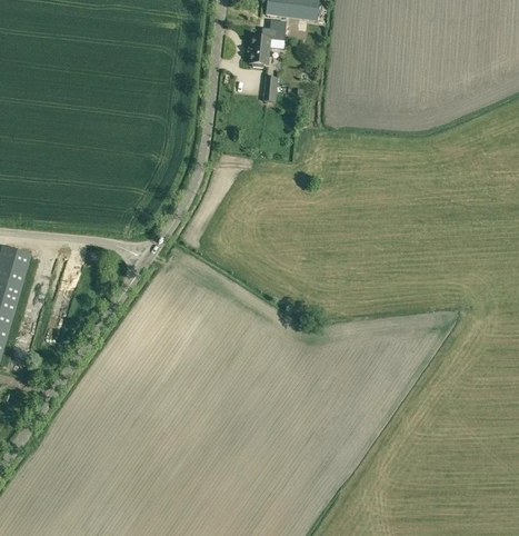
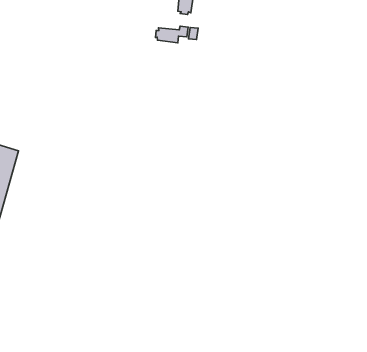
building: none -> [155,26,188,43]

